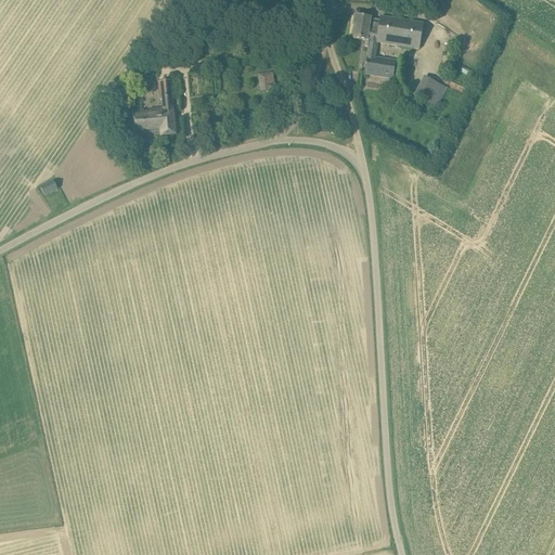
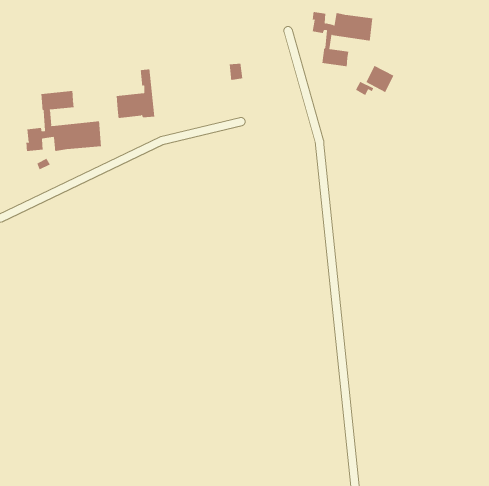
building: none -> [26,90,102,152]

